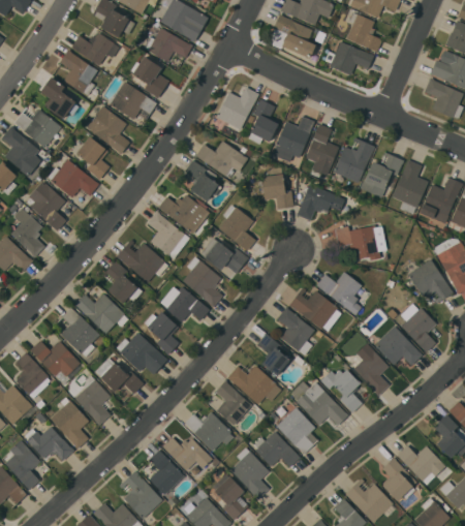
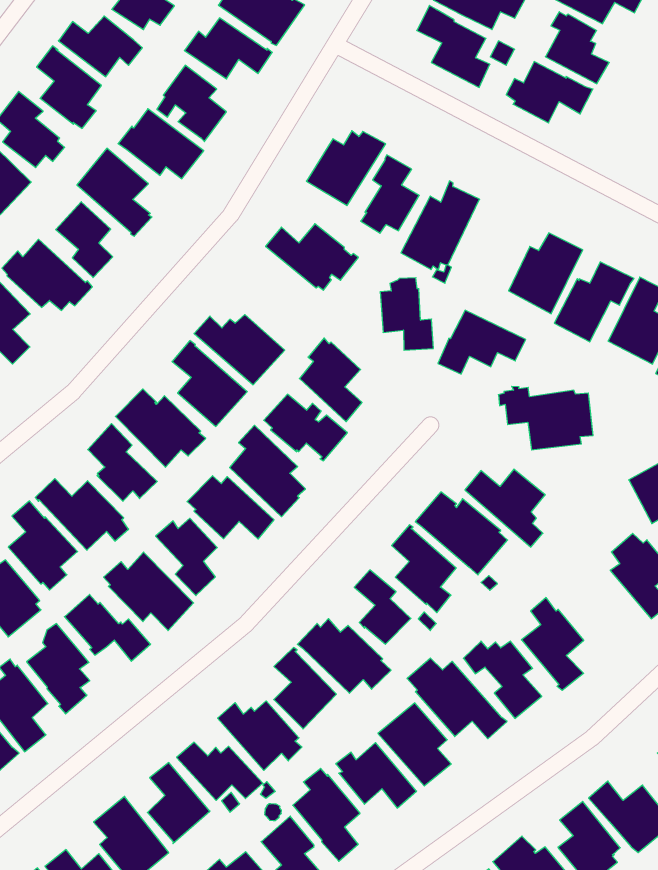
building: [306,123,339,181] -> none
building: [181,159,221,202] -> none
building: [375,326,423,365] -> none

